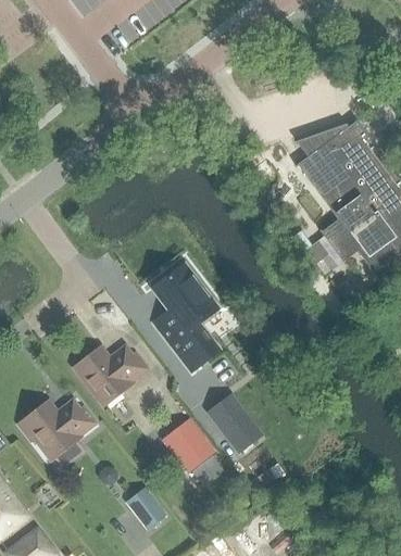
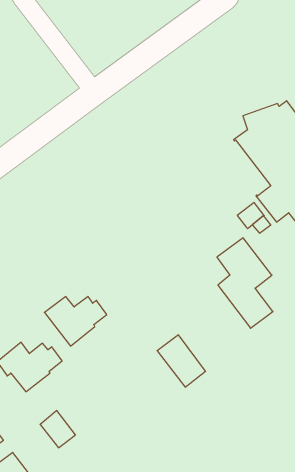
building: [153,264,218,369] -> [217,238,273,328]
building: [161,417,216,473] -> none
building: [125,485,166,529] -> [40,410,75,448]

